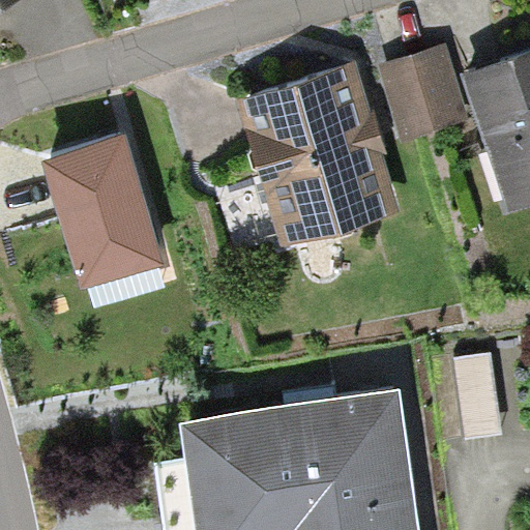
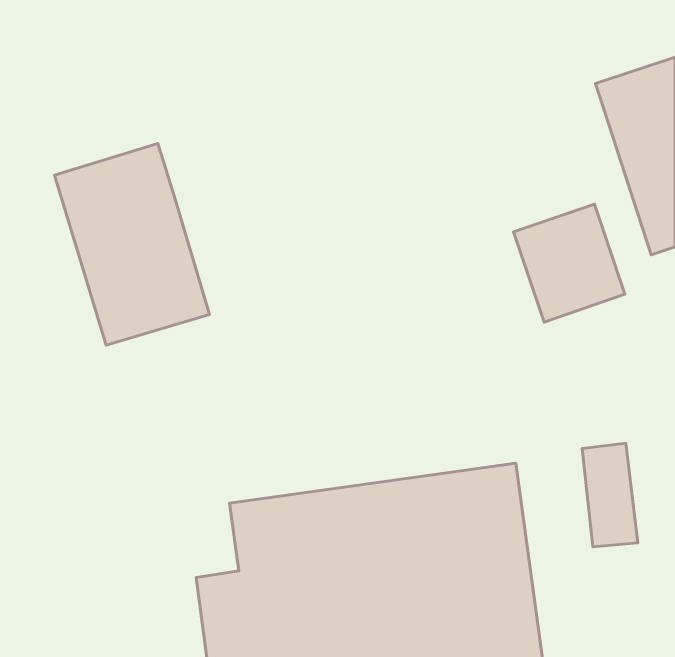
building: [380,54,467,146] -> [514,204,625,322]
building: [236,67,398,247] -> none

